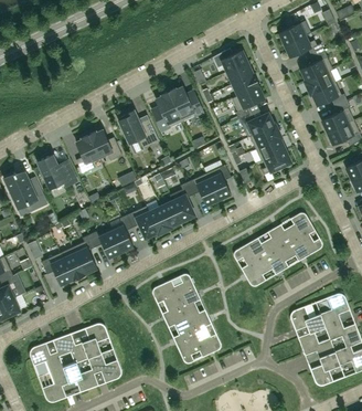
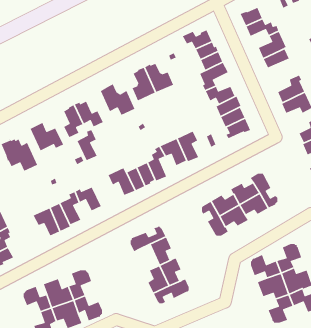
building: [310,82,347,106] -> none
building: [109,214,134,251] -> [77,129,98,161]
building: [161,294,187,327] -> none

